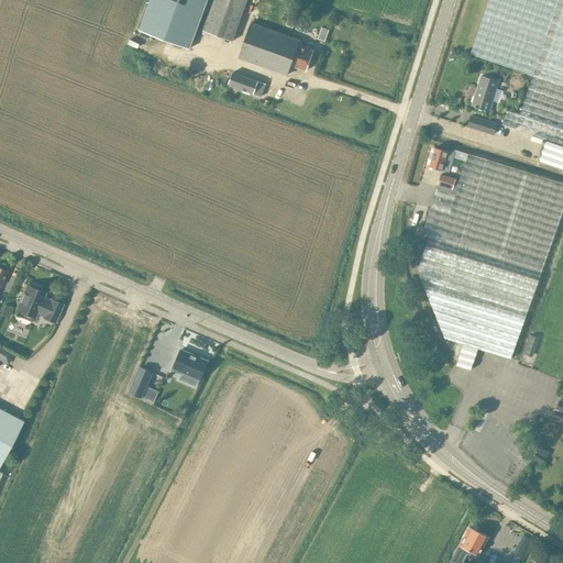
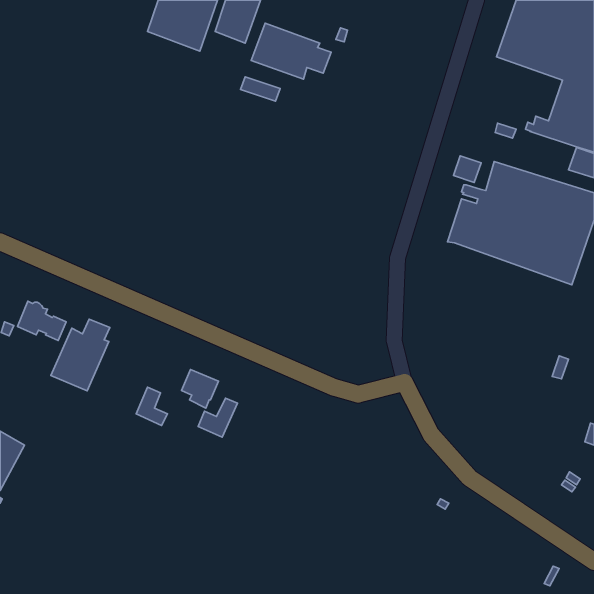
building: [473,75,498,110] -> none
building: [418,230,541,369] -> none
building: none -> [51,319,110,391]
building: none -> [198,398,238,437]
building: [460,523,488,555] -> none

